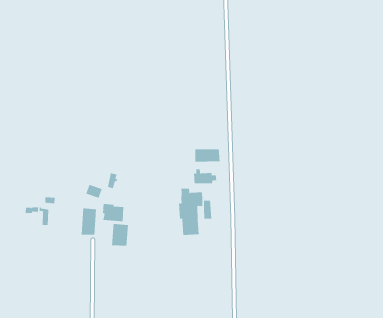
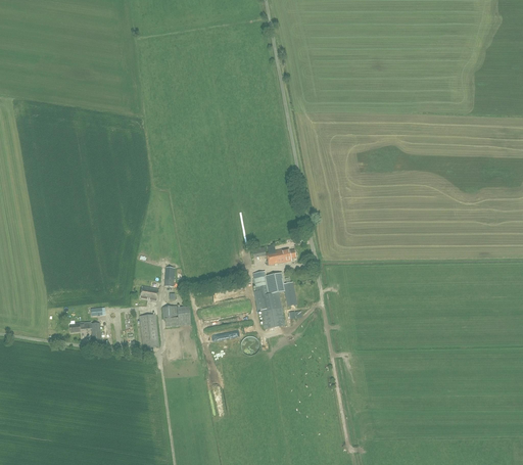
building: [195,148,220,162] -> none
building: [111,223,129,247] -> none

